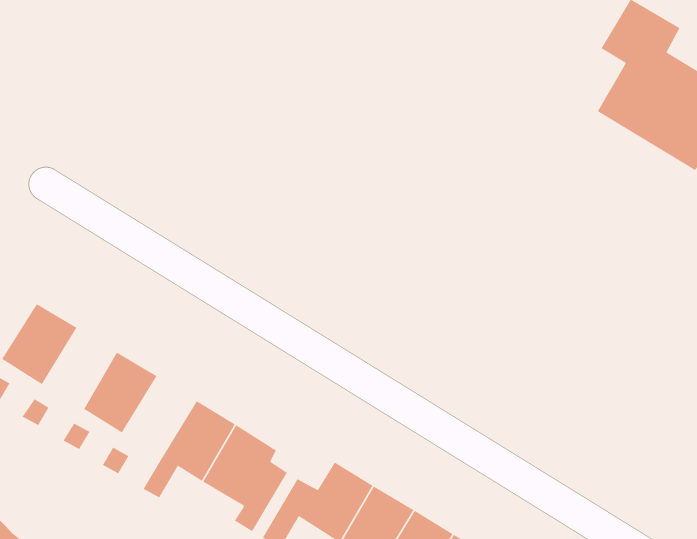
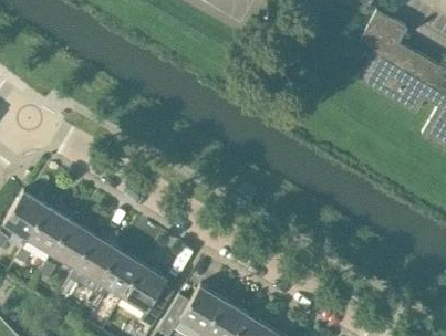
building: none -> [28,208,72,256]
building: none -> [75,237,120,285]

